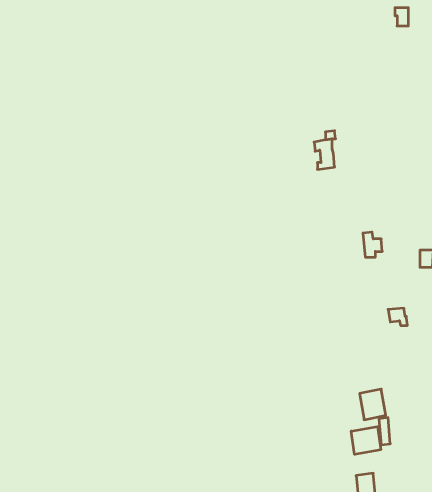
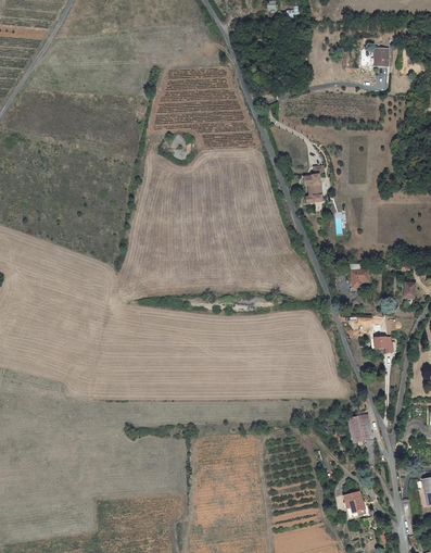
building: [351,427,381,454] -> none

